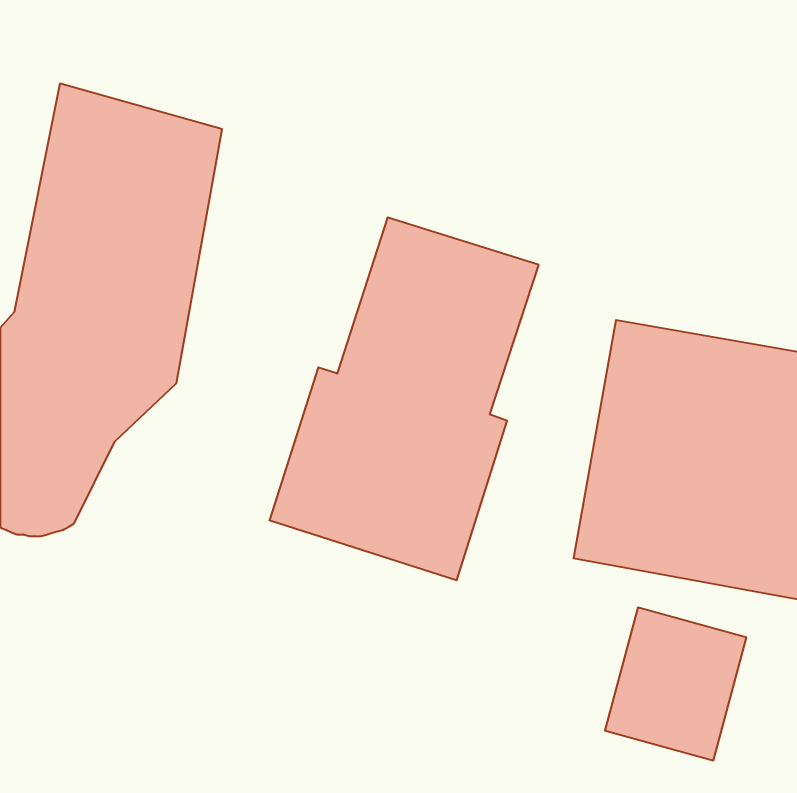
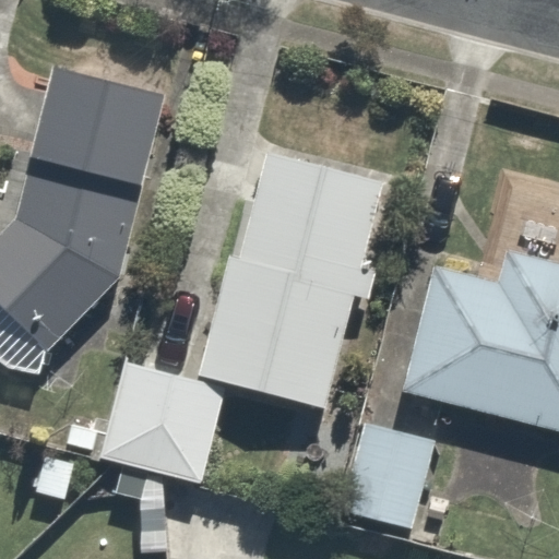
building: none -> [104,372,219,474]
building: [605,608,746,760] -> [338,421,437,527]

